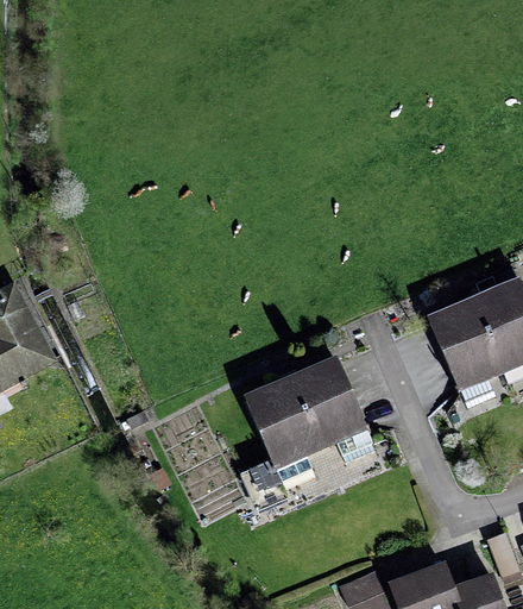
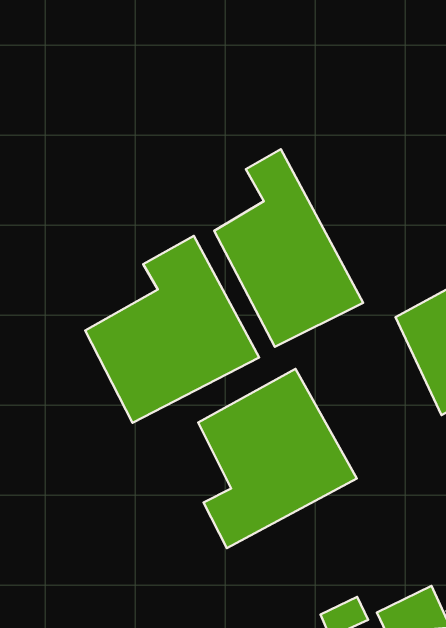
building: none -> [214,149,363,347]
building: none -> [85,236,259,423]

